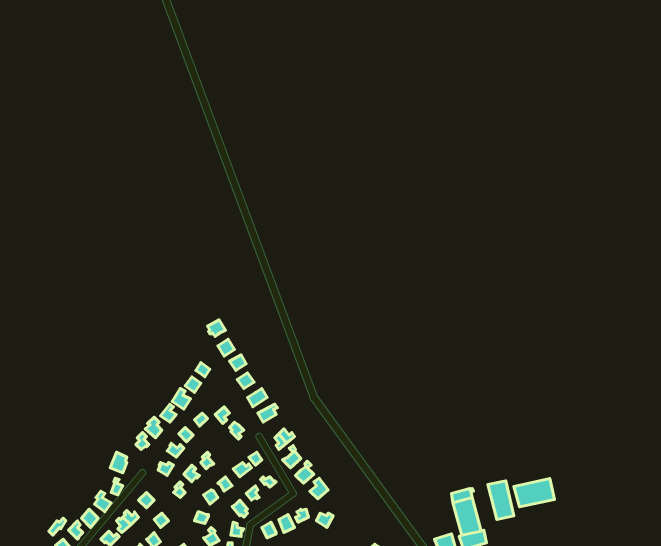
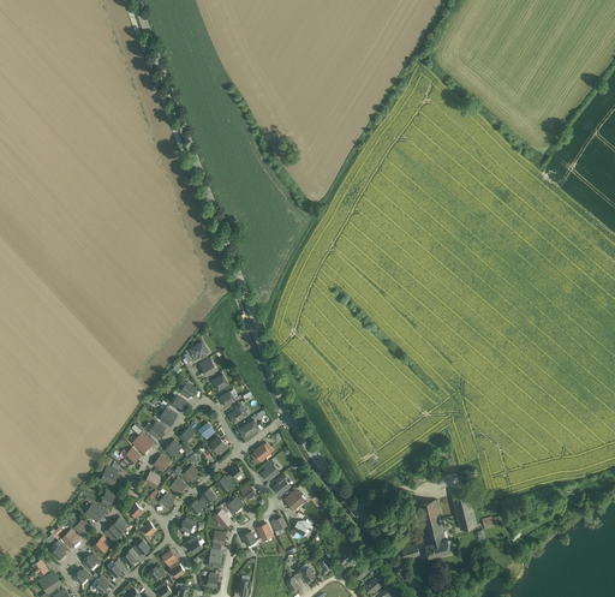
building: [514,479,555,507] -> none

